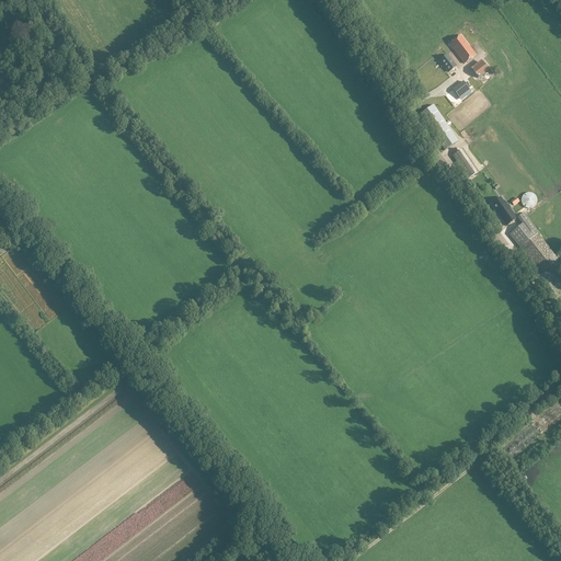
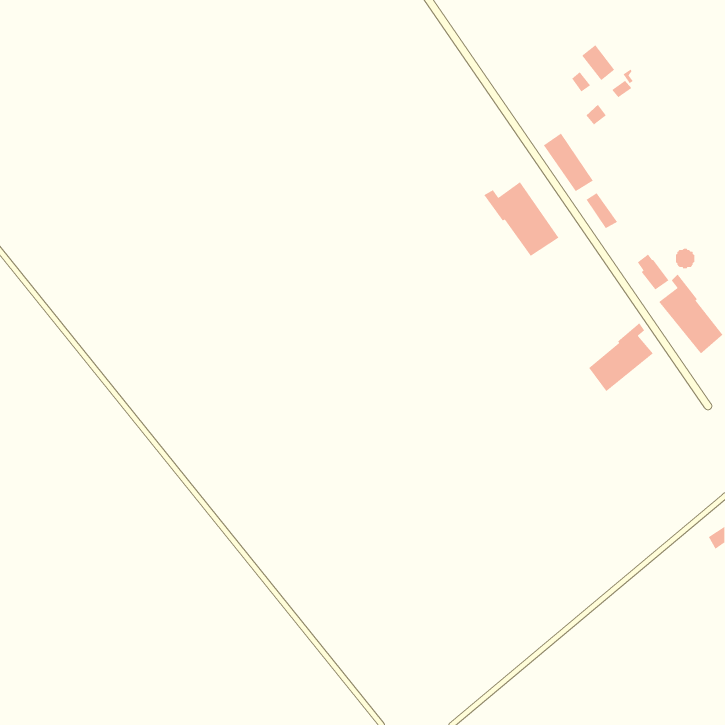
building: none -> [483,181,560,257]
building: none -> [588,322,654,392]

